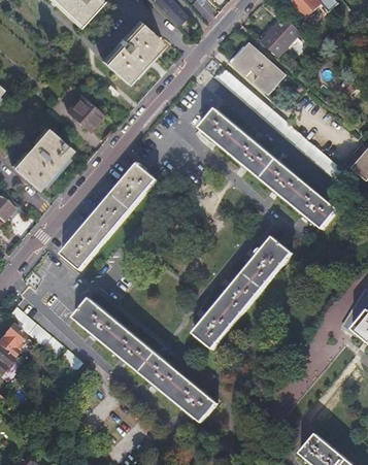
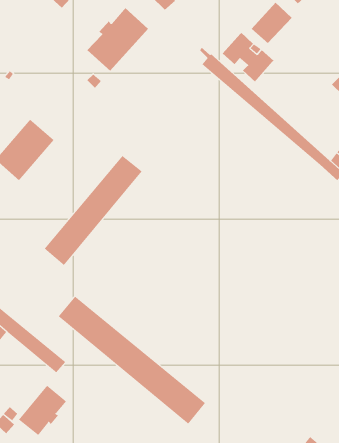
building: [66,94,104,130] -> none
building: [199,108,337,229] -> none
building: [193,237,291,348] -> none
building: none -> [18,385,67,436]

